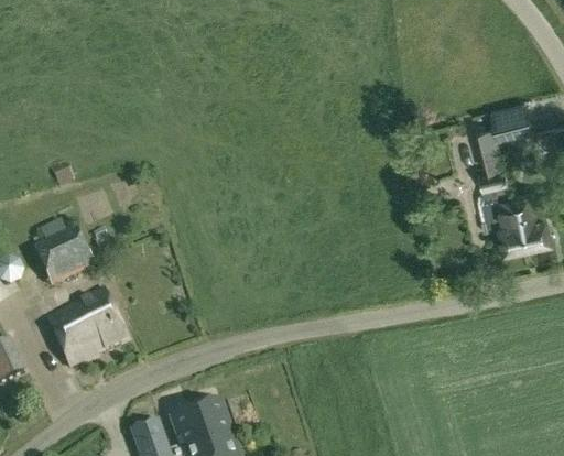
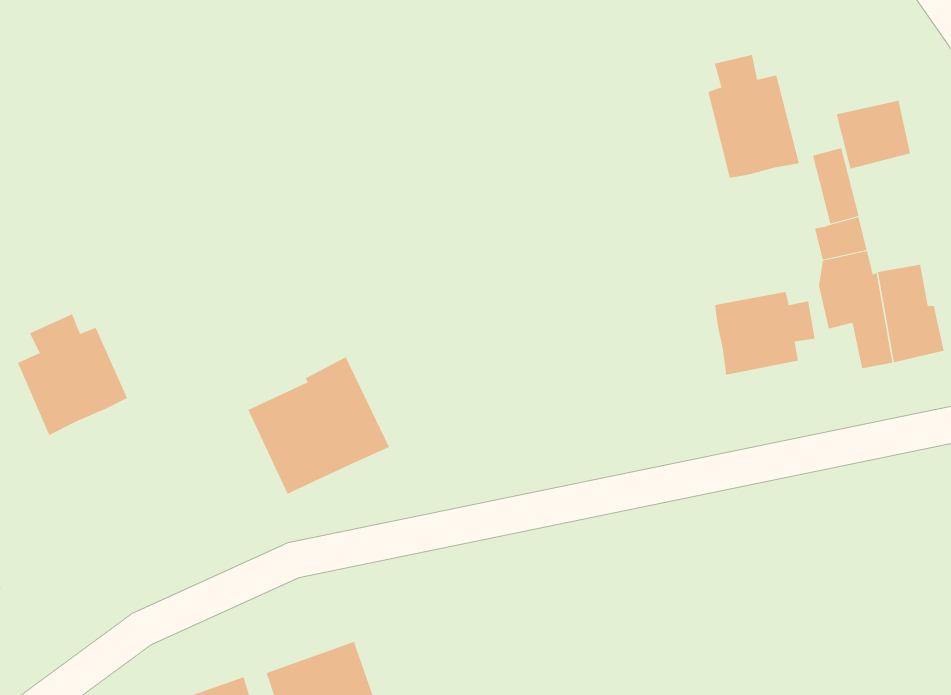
building: none -> [708,54,800,179]
building: none -> [715,291,815,376]
building: [48,289,128,366] -> [248,356,390,495]

